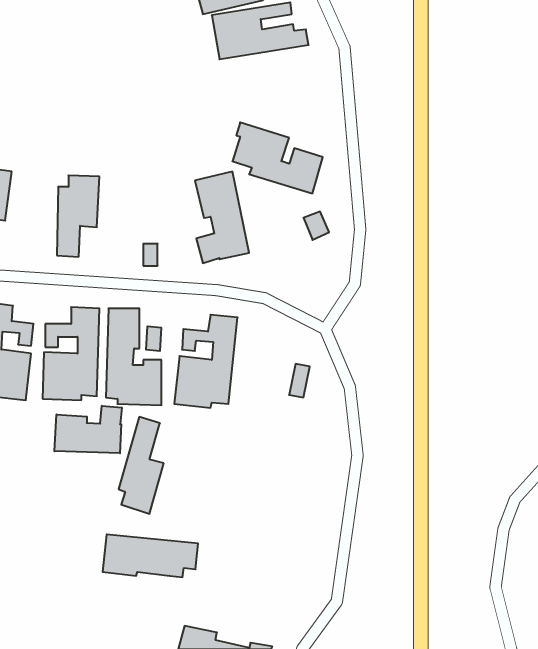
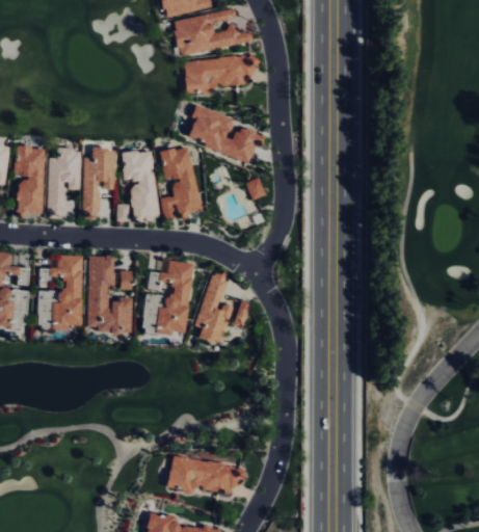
building: none -> [184,54,260,95]
building: none -> [15,147,46,215]
building: none -> [83,149,115,216]
building: none -> [122,150,160,219]
building: [54,406,122,453] -> none
building: [119,417,164,514] -> [196,268,233,346]
building: [103,534,198,577] -> [168,457,245,491]

